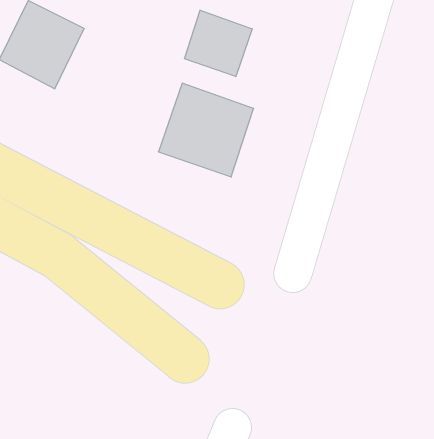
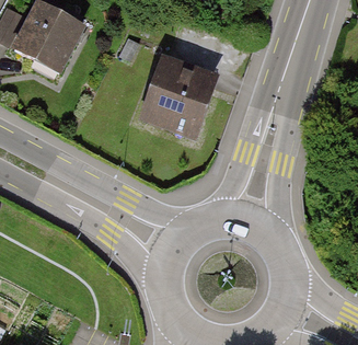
building: [184,10,252,77] -> none

